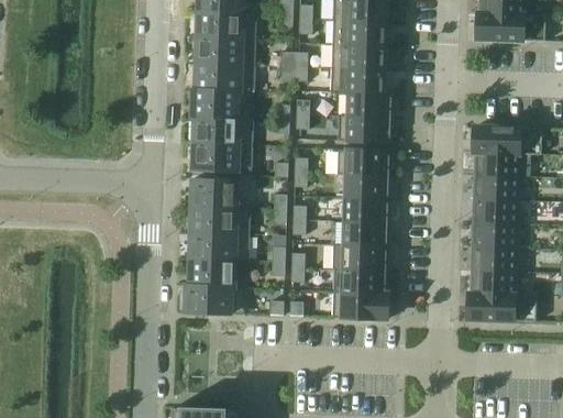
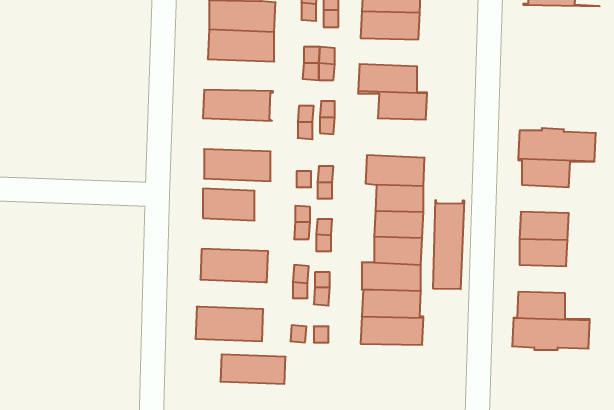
building: [476,13,544,42] -> none
building: [330,43,383,68] -> none
building: [191,62,254,90] -> none
building: [190,114,252,144] -> none
building: [338,114,389,141] -> none
building: [474,174,517,199] -> none
building: none -> [433,200,464,289]
building: [189,204,250,233] -> none
building: [472,245,515,271] -> none
building: [187,258,245,285] -> [220,354,286,384]

